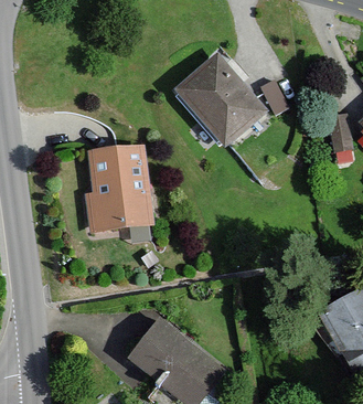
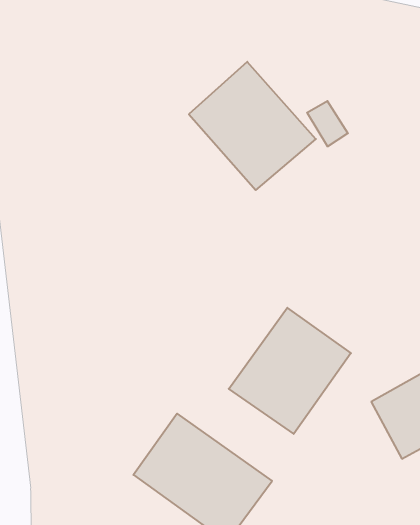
building: [81,141,163,237] -> none
building: none -> [229,308,351,434]

